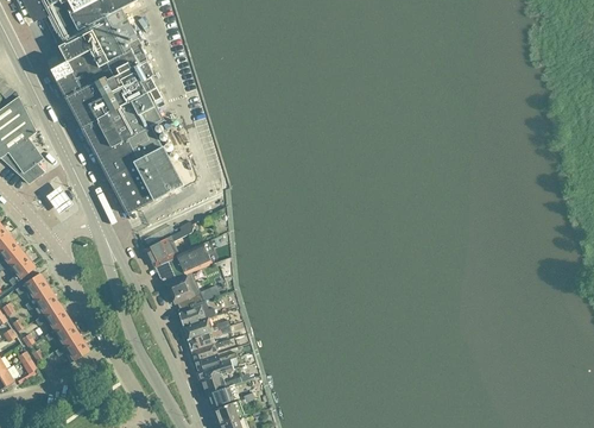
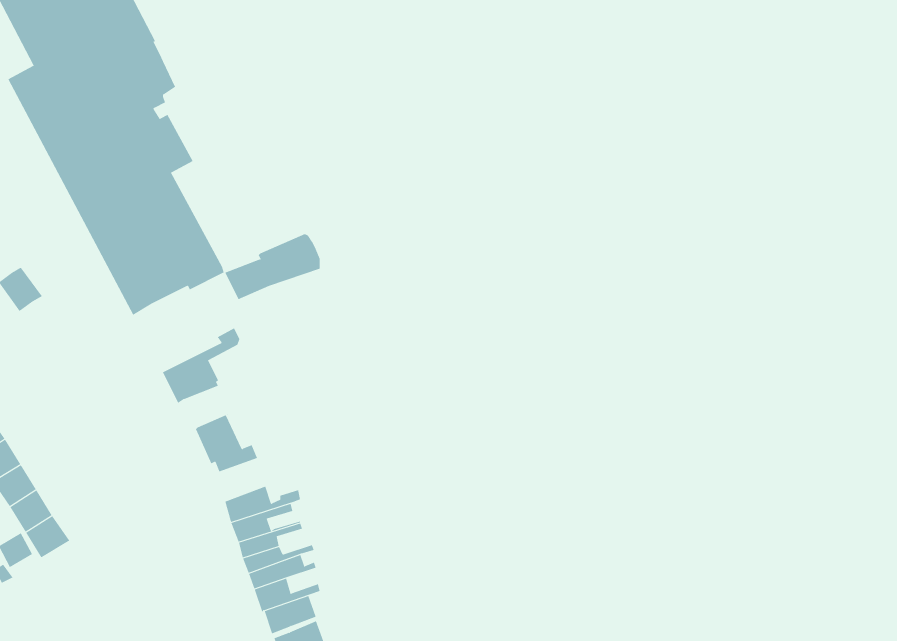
building: [158,240,216,281] -> [225,234,320,300]
building: [178,298,215,326] -> none

